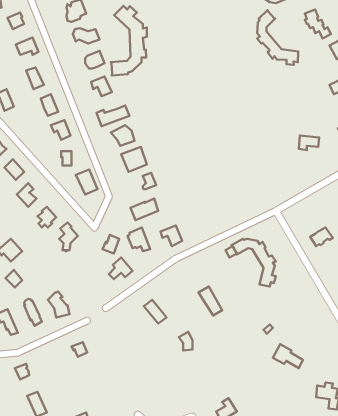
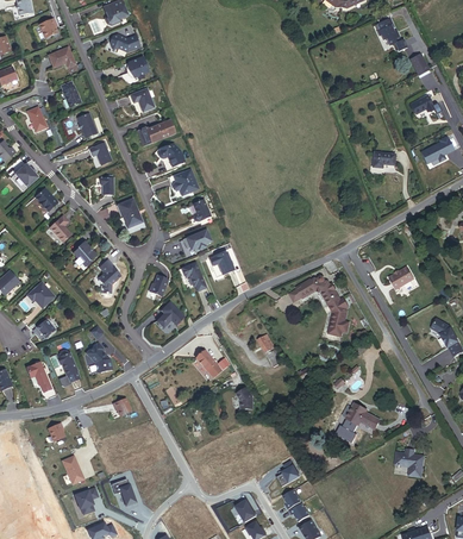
building: [111,6,147,76] -> none
building: [257,10,298,65] -> none

